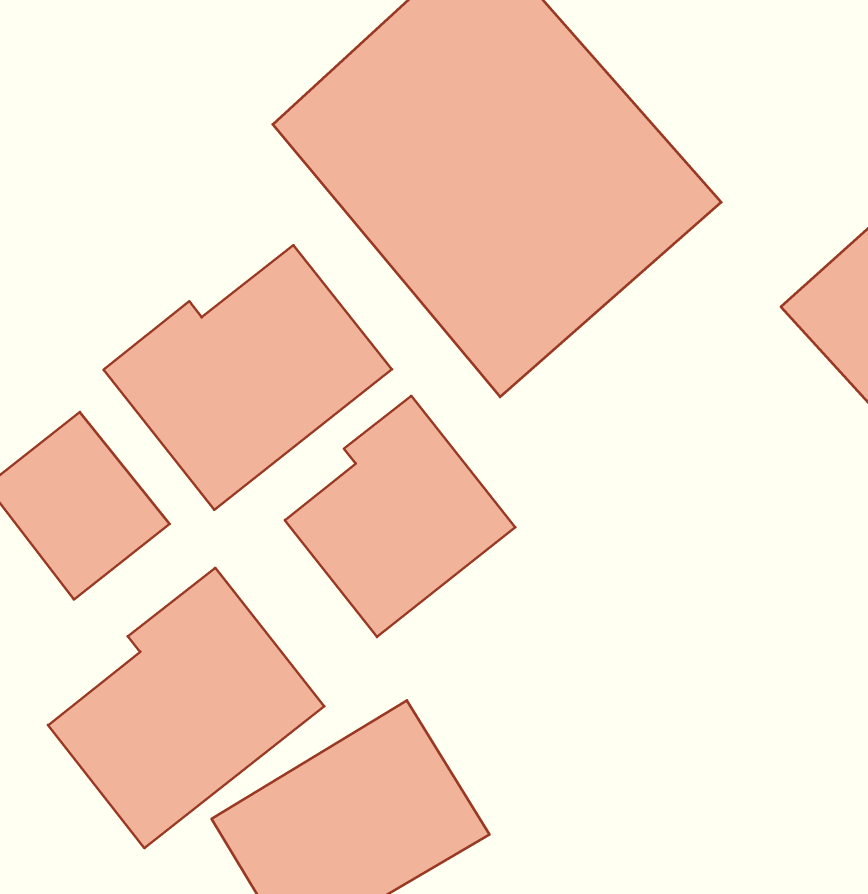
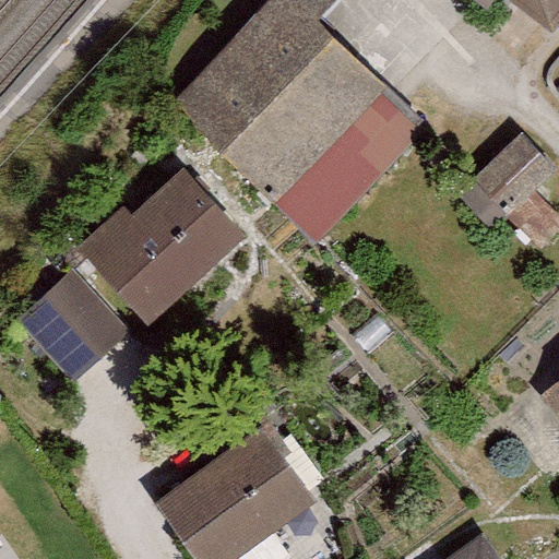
building: [285,396,515,637] -> none
building: [48,568,324,848] -> none

